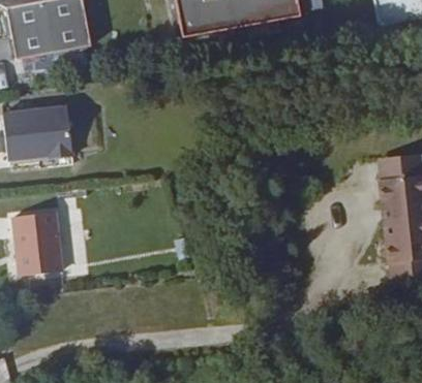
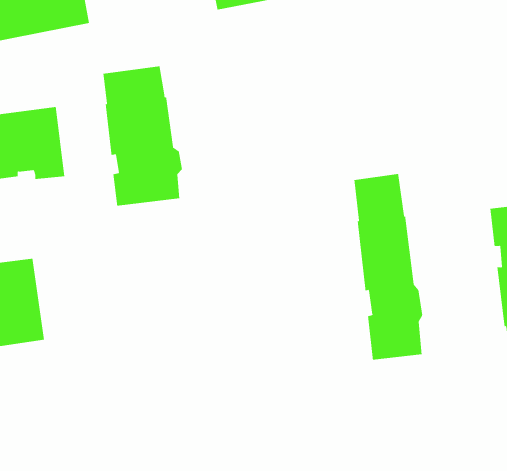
building: none -> [103,65,183,207]
building: none -> [354,173,423,360]

